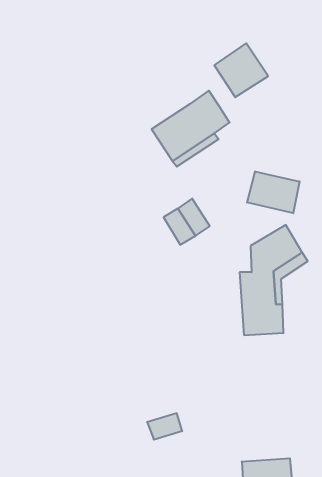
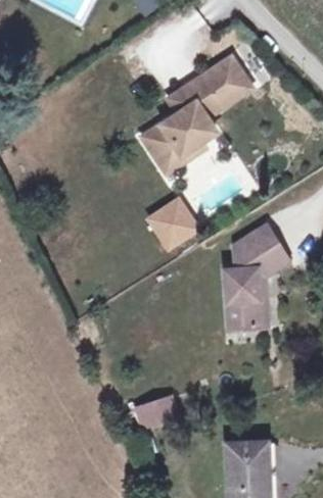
building: none -> [169,79,220,117]
building: [247,171,300,213] -> none

